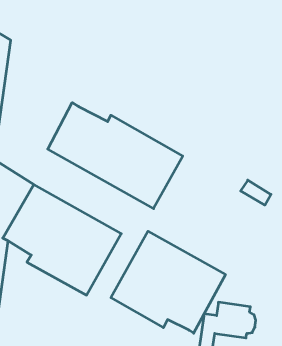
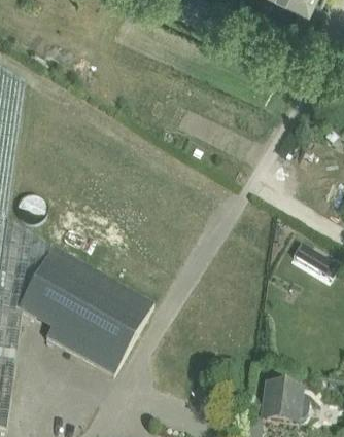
building: [48,103,183,209] -> none
building: [111,231,225,333] -> none

